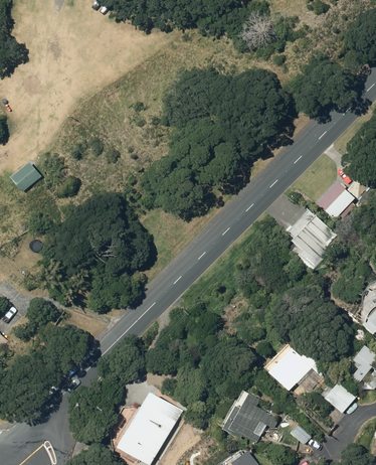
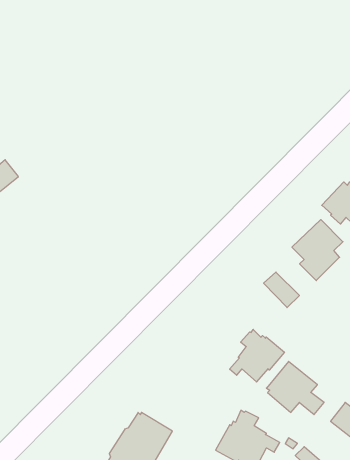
building: none -> [264,272,299,308]
building: none -> [230,329,284,382]

